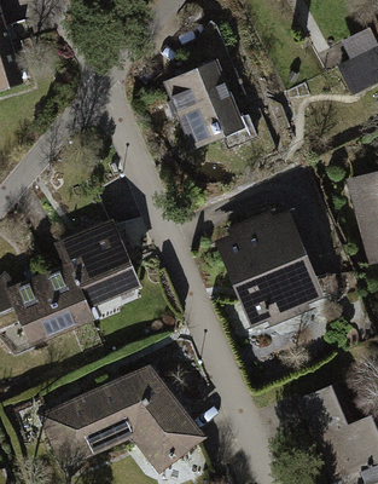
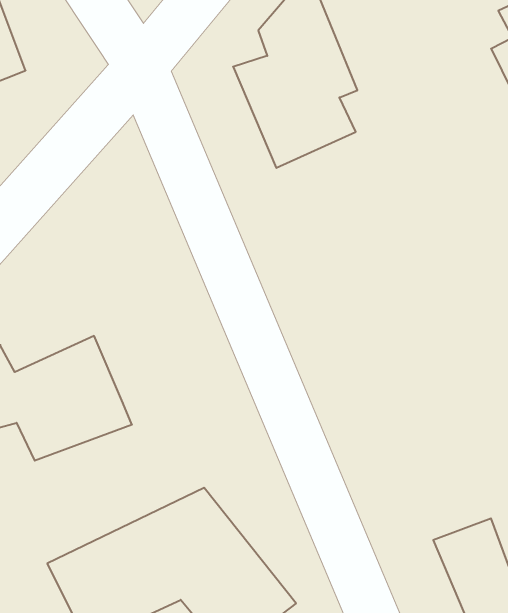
building: [216,212,321,328] -> none
building: [62,220,140,306] -> none

